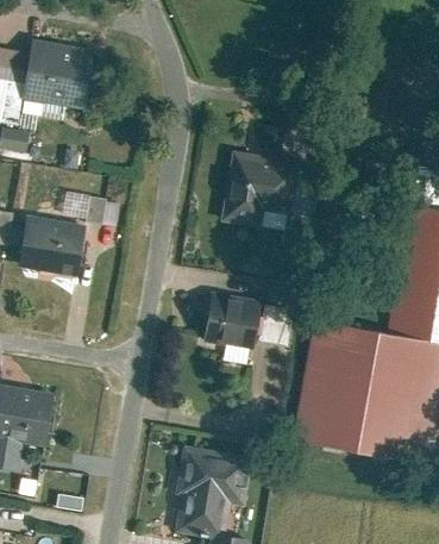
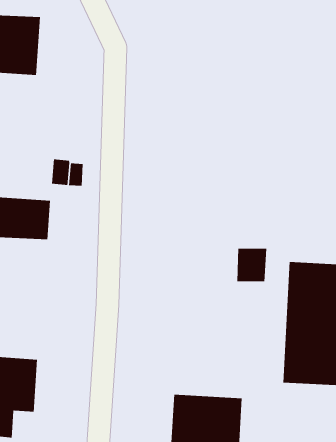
building: [221,149,301,226] -> none
building: [205,294,261,348] -> none

